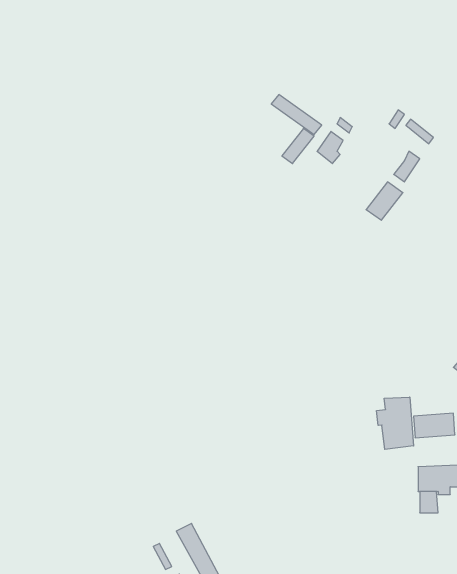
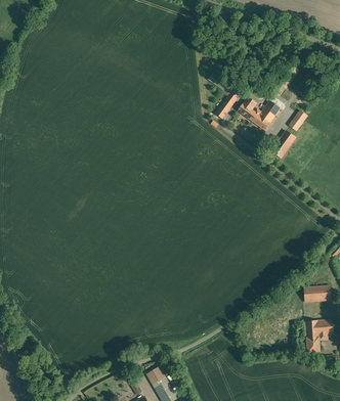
building: none -> [250,103,281,132]
building: [377,397,414,449] -> none

